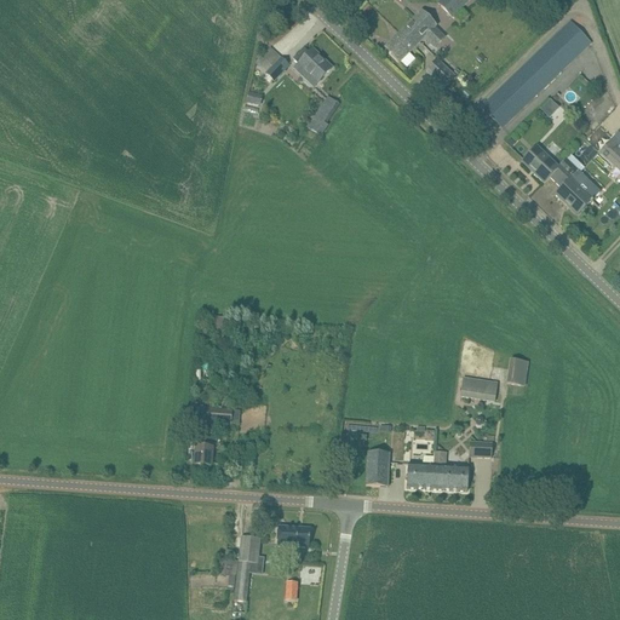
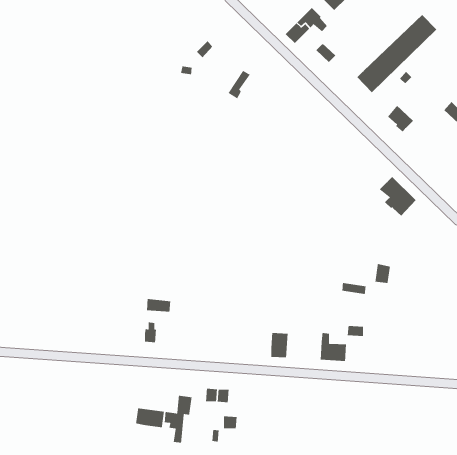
building: [294,45,332,85] -> none
building: [550,156,601,211] -> [379,176,417,216]
building: [407,461,435,487] -> none
building: none -> [135,408,165,428]

